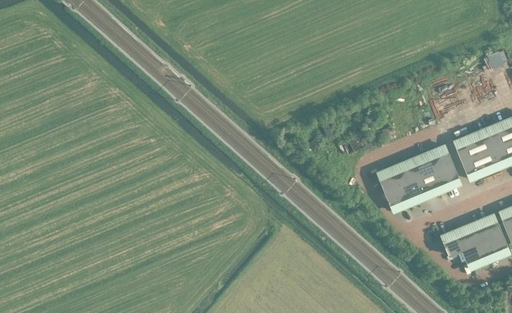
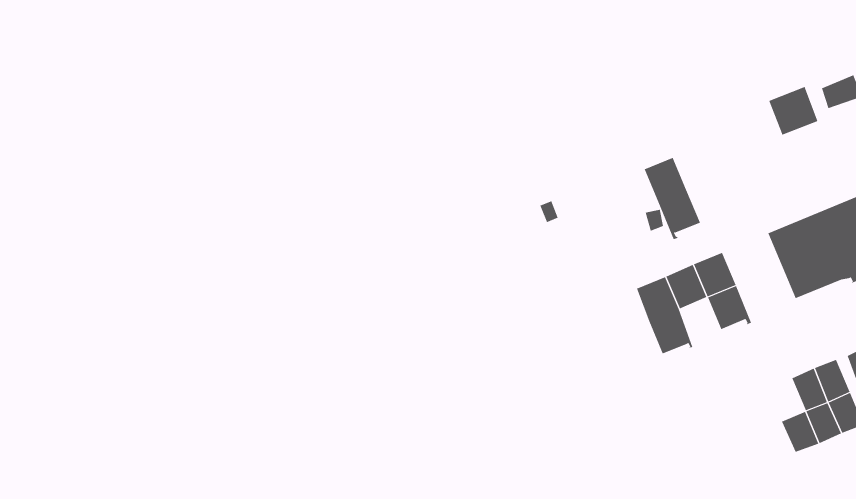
building: none -> [768,86,818,136]
building: [427,144,460,192] -> [644,157,701,240]
building: [402,177,426,206] -> none
building: [440,224,475,254] -> none

